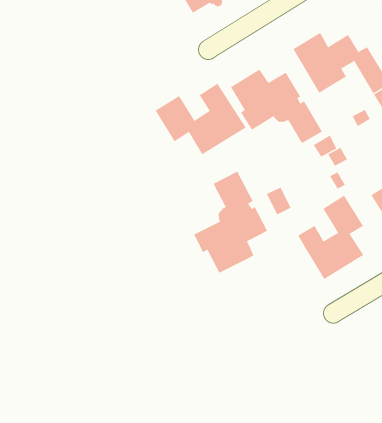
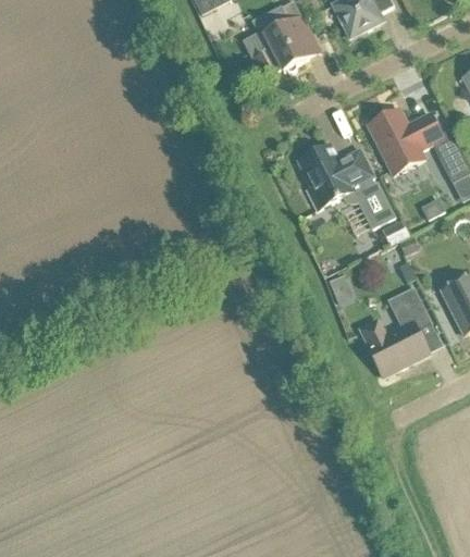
building: [155,83,246,155] -> none
building: [194,171,268,274] -> none

